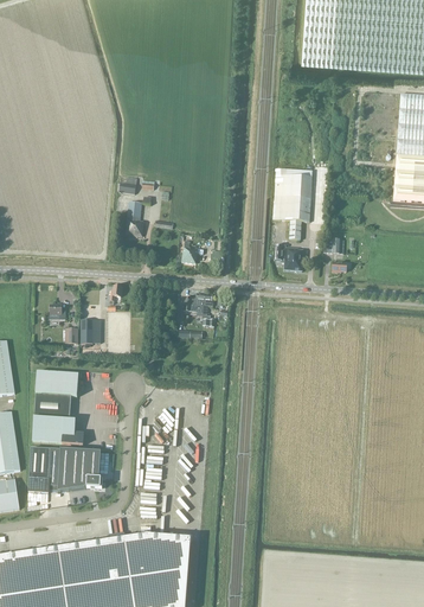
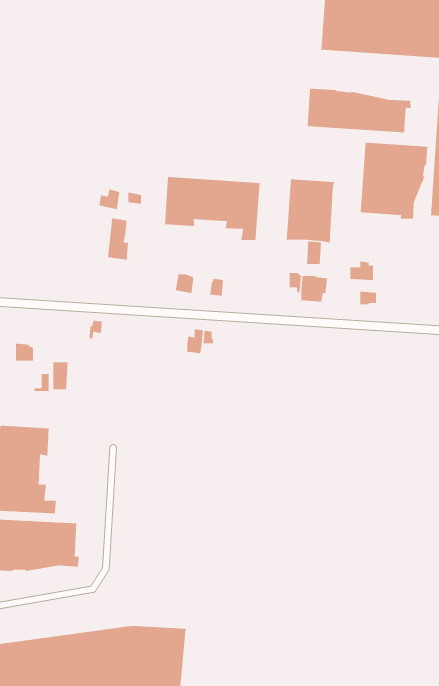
building: none -> [307,88,412,133]
building: none -> [360,142,428,220]
building: none -> [164,176,261,241]

